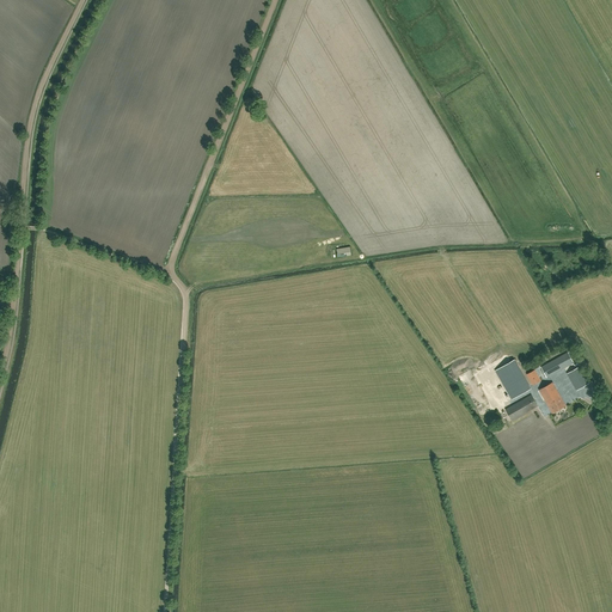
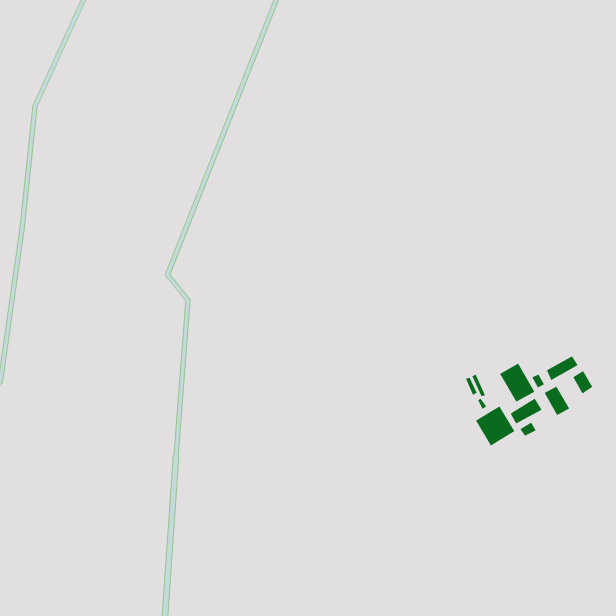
building: none -> [475,405,515,446]

